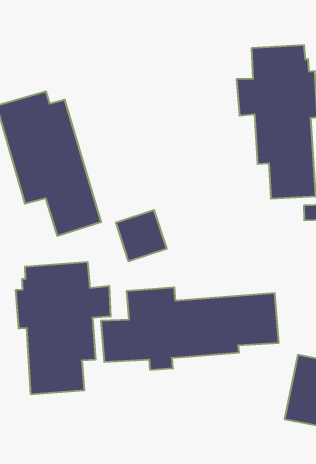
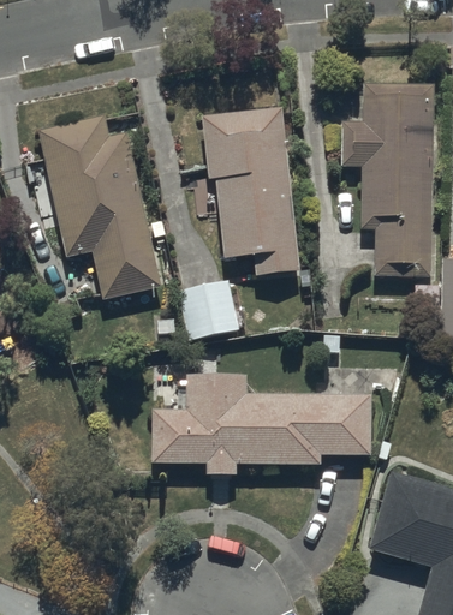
building: none -> [203,107,299,276]
building: [16,262,111,394] -> none

